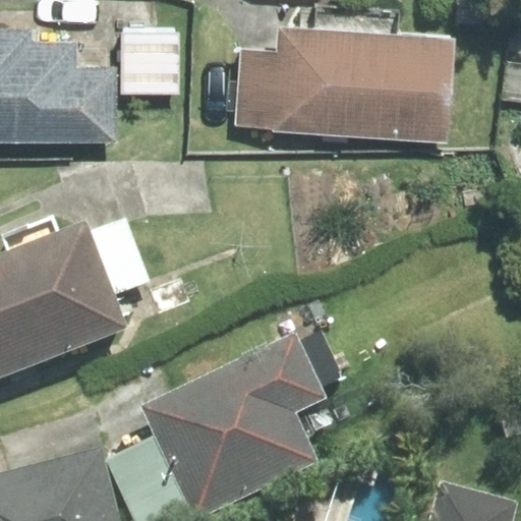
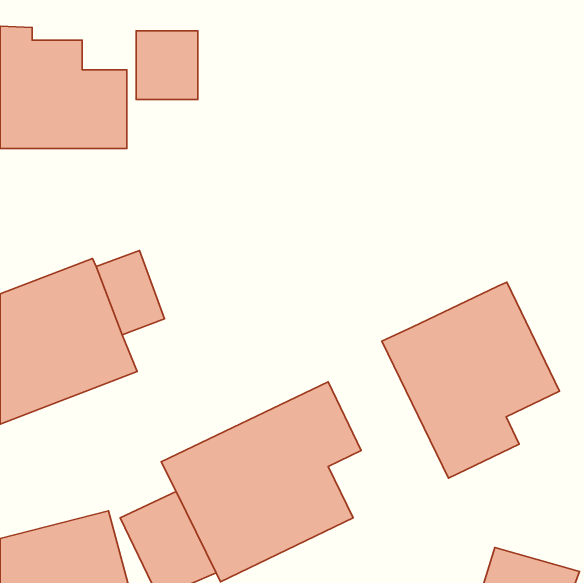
building: [233,23,451,134] -> none
building: none -> [382,282,559,478]

